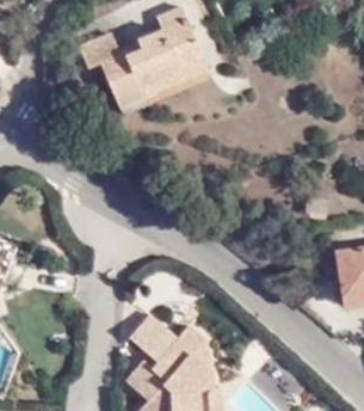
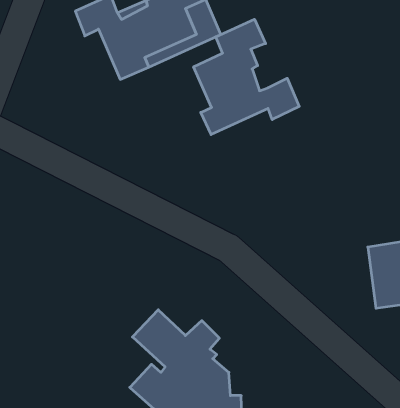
building: none -> [194,19,299,135]

